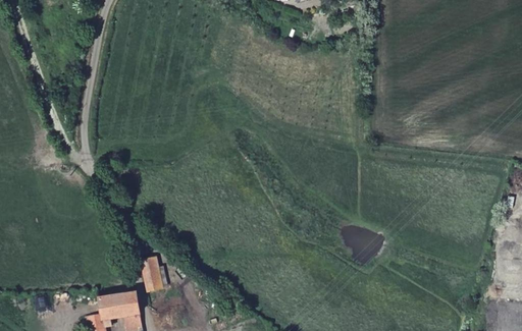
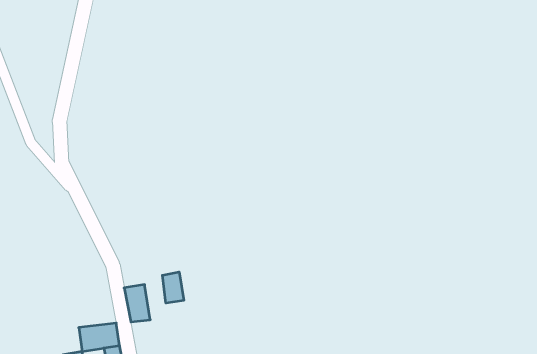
building: none -> [162,272,184,303]

